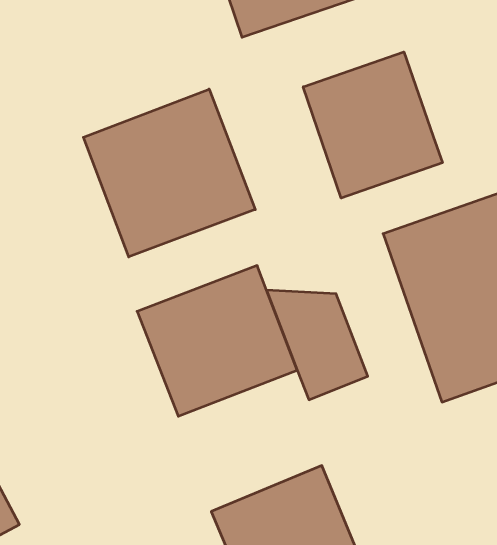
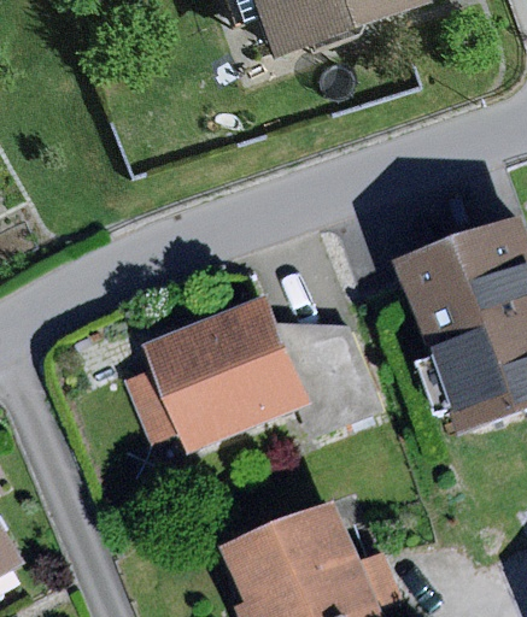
building: [303,52,442,198] -> none
building: [83,89,255,257] -> none

